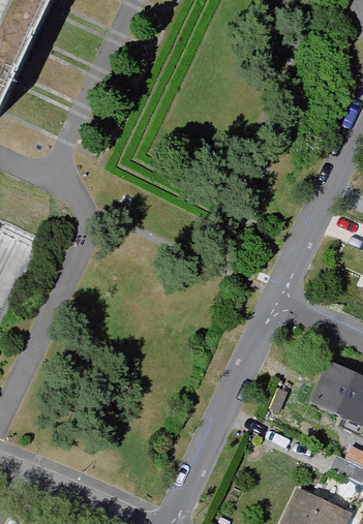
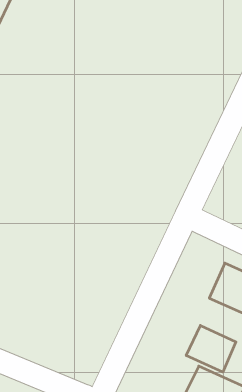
building: none -> [186,325,236,372]

